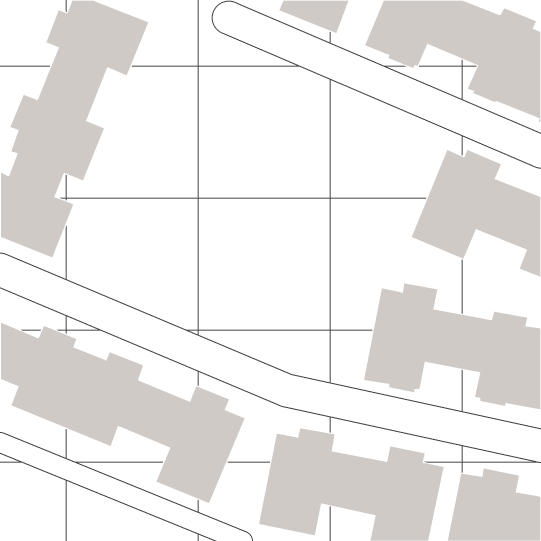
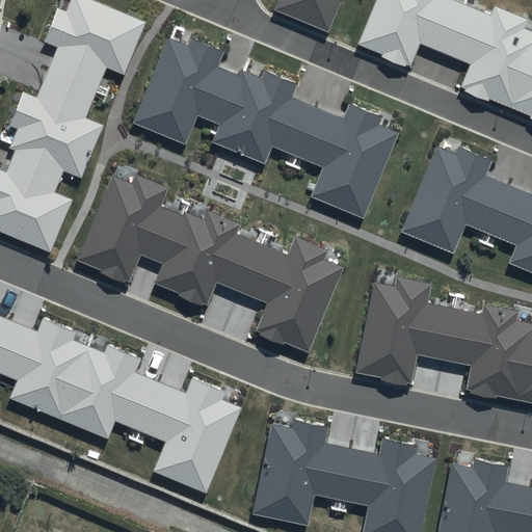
building: none -> [134,37,399,218]
building: none -> [77,174,345,352]

